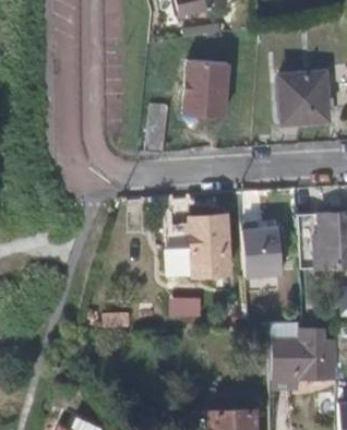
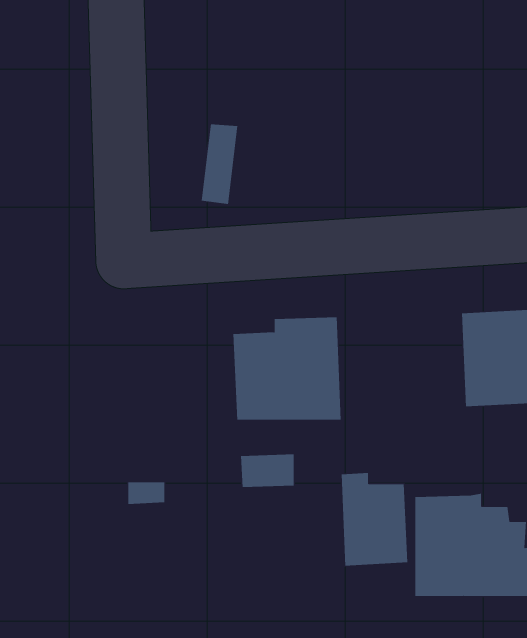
building: [186,60,230,119] -> none
building: [282,72,331,124] -> none
building: [243,224,283,278] -> [341,472,408,566]

